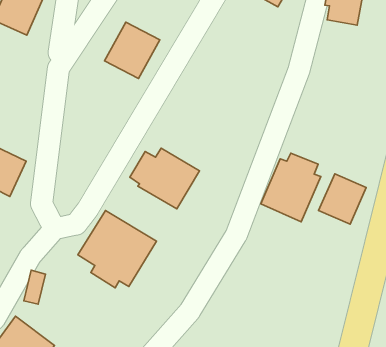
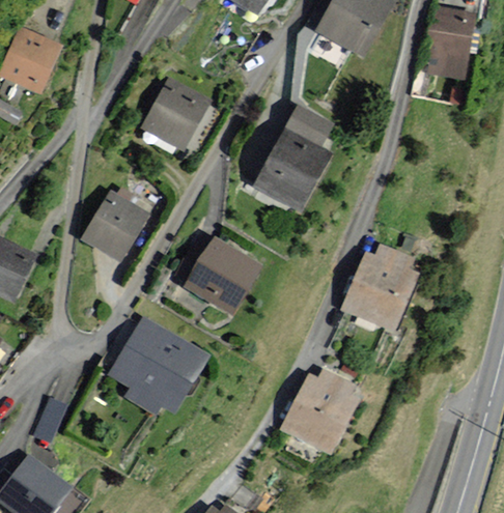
building: none -> [254,105,334,211]
building: none -> [82,190,148,259]
building: [319,174,366,224] -> none
building: none -> [279,369,361,456]

